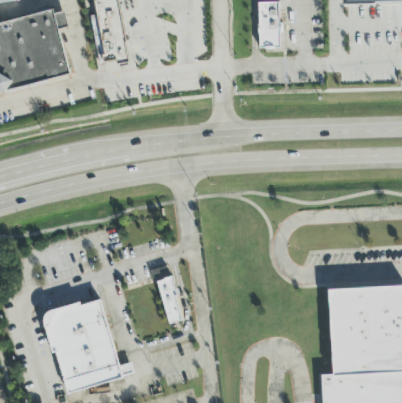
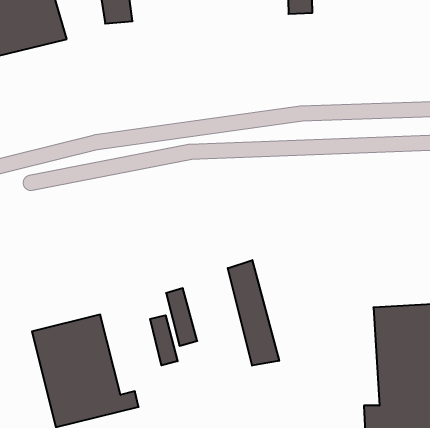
building: none -> [228,260,279,366]
building: none -> [150,315,178,365]

